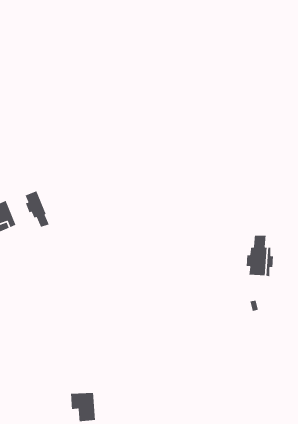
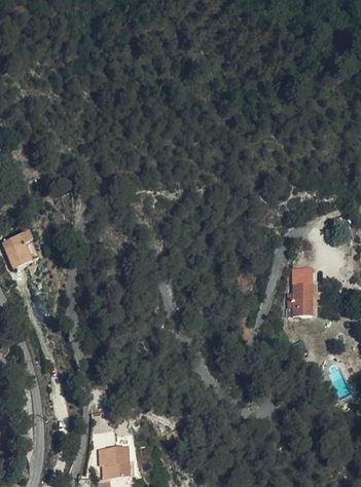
building: [24,190,50,228] -> none

